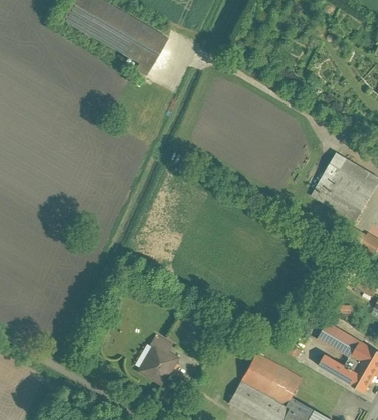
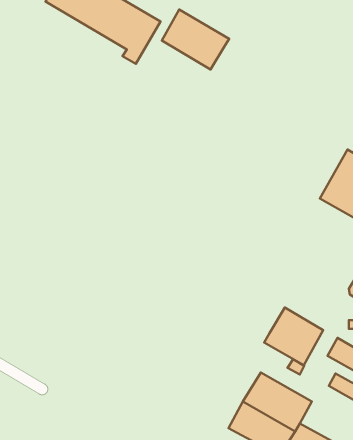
building: none -> [162,9,229,70]
building: none -> [264,308,323,365]
building: [139,336,177,385] -> none

